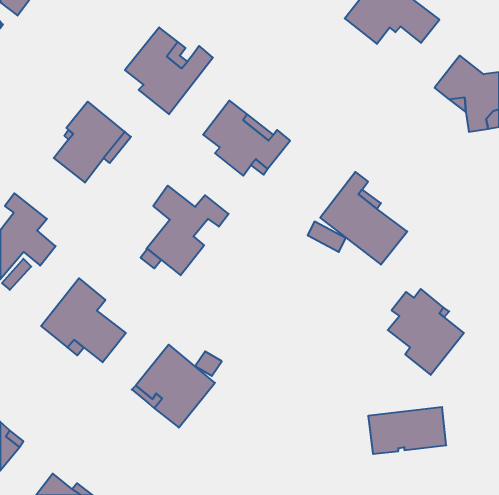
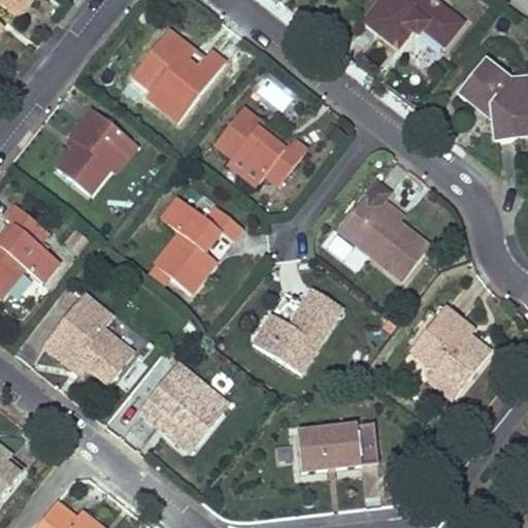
building: none -> [253,288,342,372]
building: [368,407,446,454] -> [296,422,378,471]

